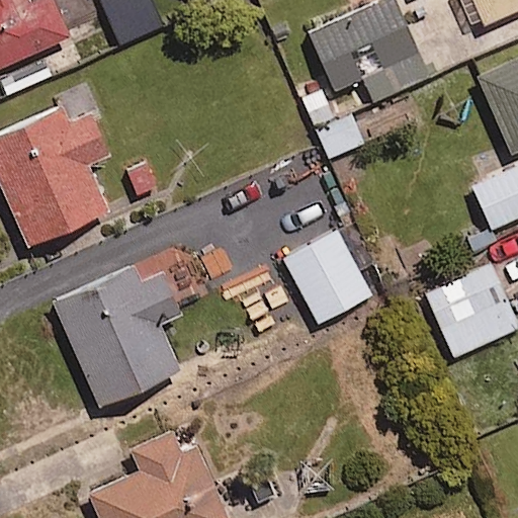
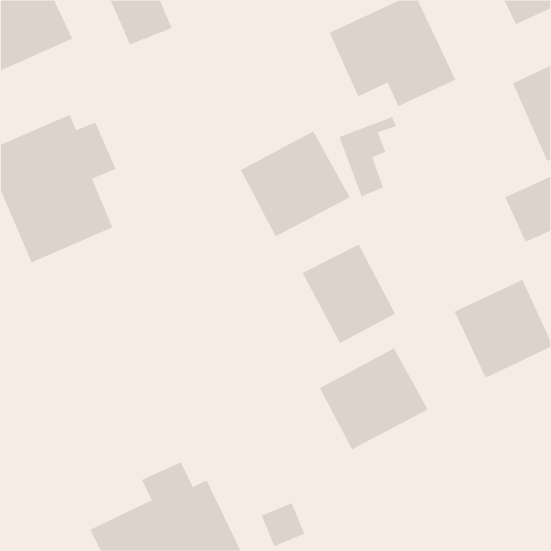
building: none -> [240,130,351,237]
building: [56,270,184,407] -> none
building: none -> [319,347,428,450]

